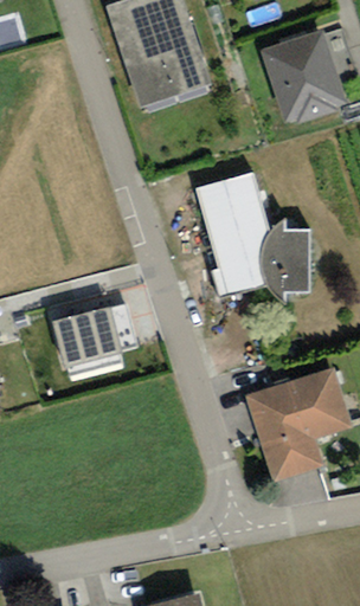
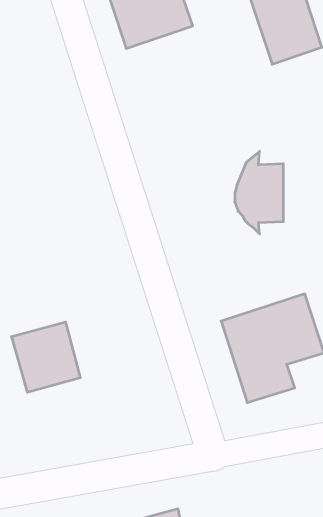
building: [193,172,269,302] -> none
building: [50,304,122,378] -> [11,322,80,392]

